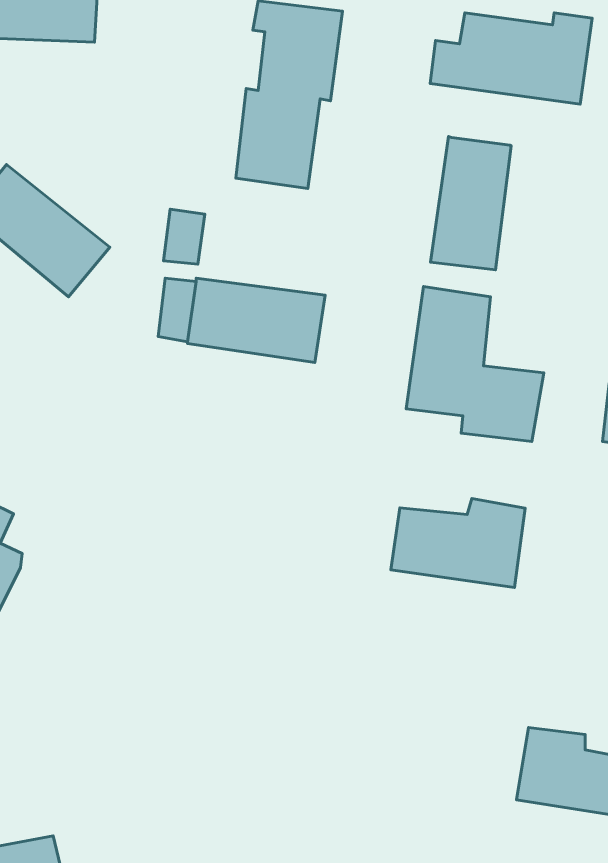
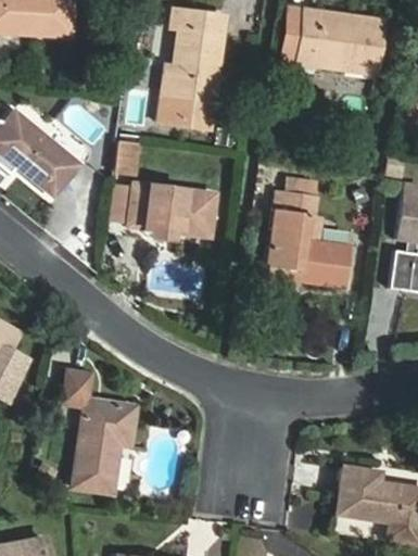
building: [430,137,511,270] -> none
building: [391,498,525,587] -> none
building: none -> [63,370,136,492]

